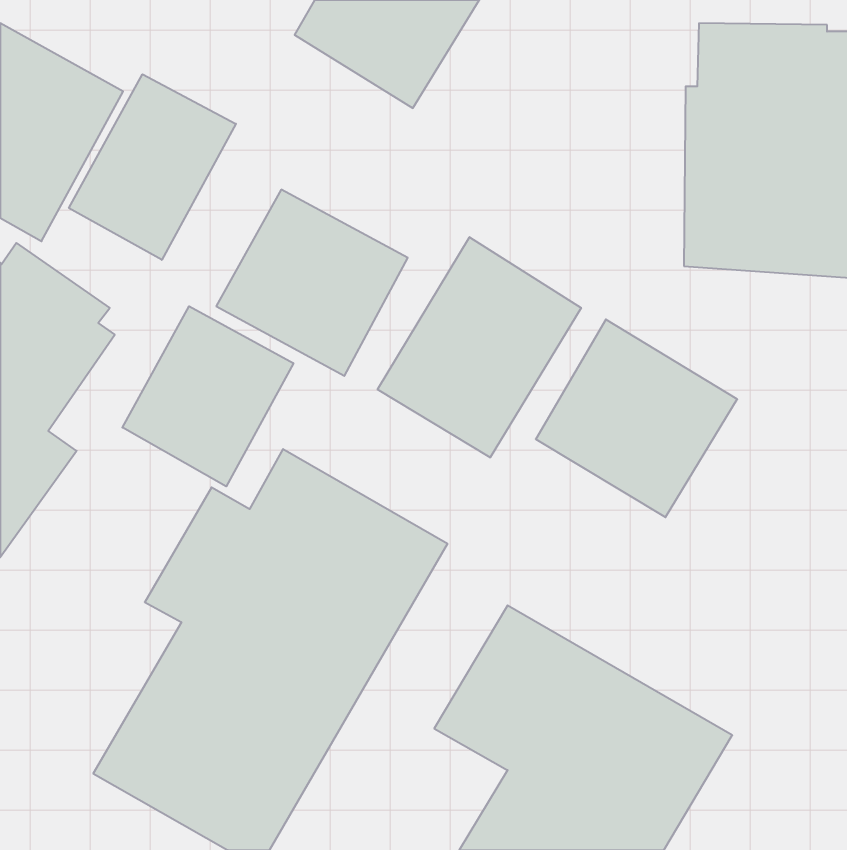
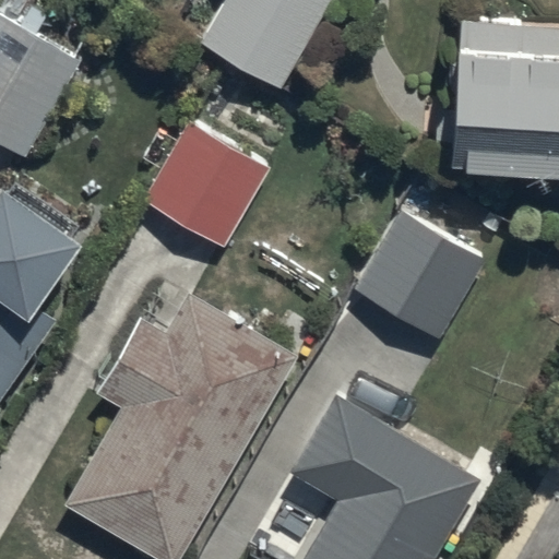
building: [69,74,236,260] -> none
building: [378,237,581,458] -> none
building: [122,306,293,486] -> none

